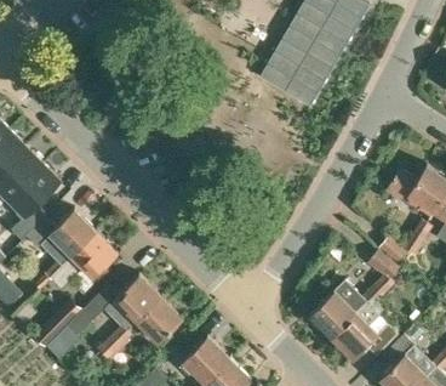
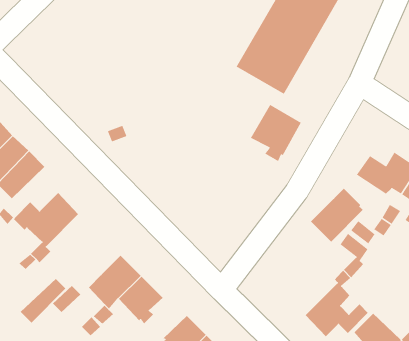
building: none -> [250,104,302,162]
building: [53,232,118,290] -> none
building: [309,280,365,337] -> [310,188,364,242]

